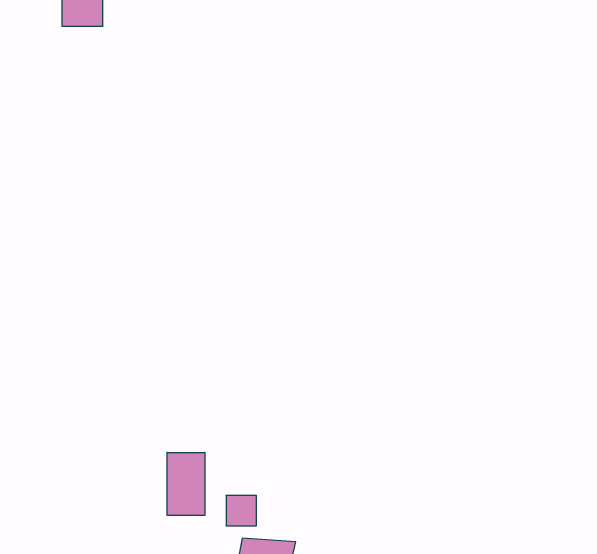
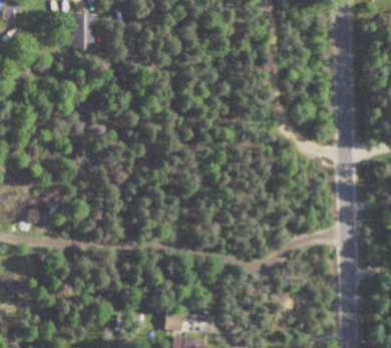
building: [167,452,205,515] -> none

